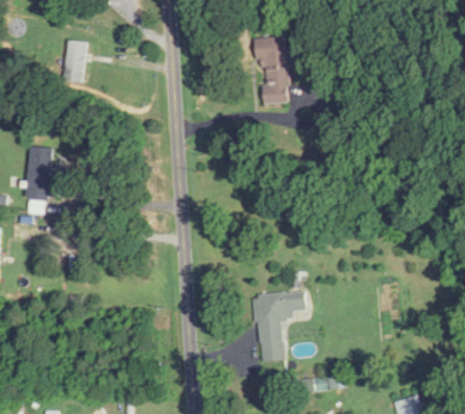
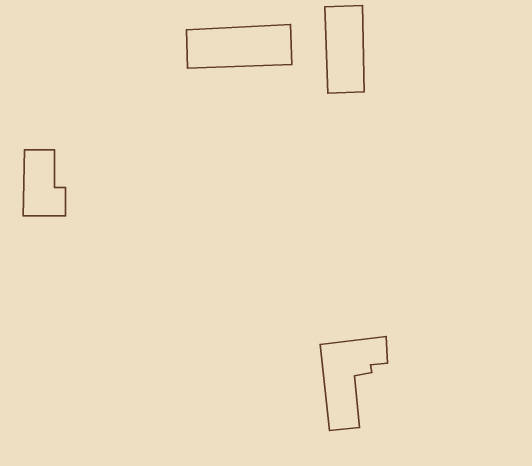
building: [62,38,87,83] -> none
building: none -> [187,24,292,68]

